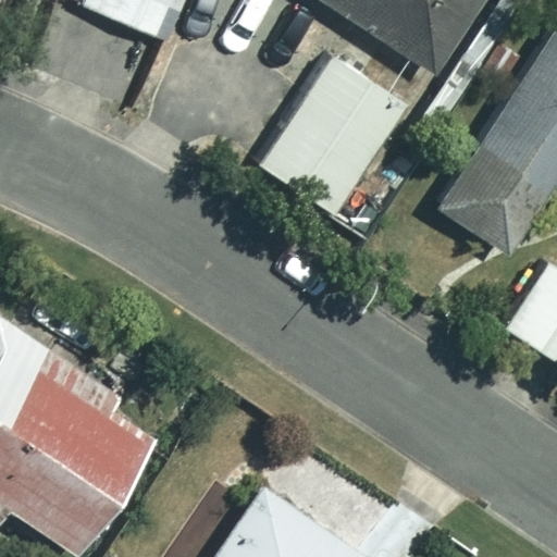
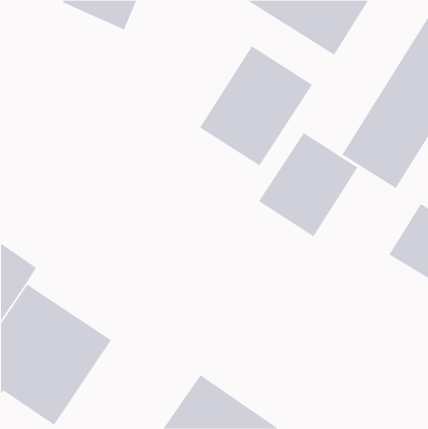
building: none -> [258,132,358,237]

